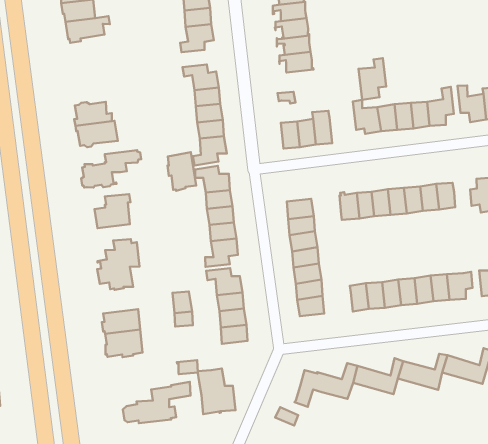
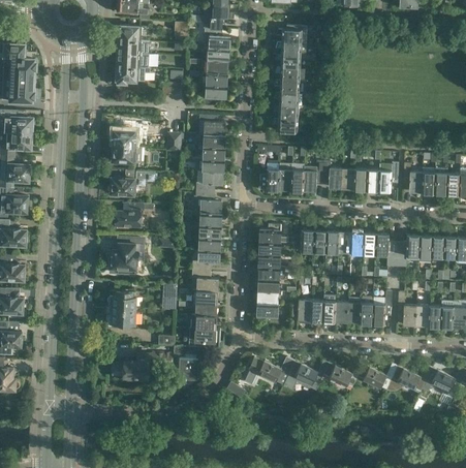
building: [359,58,386,100] -> [303,162,323,191]
building: [168,152,196,191] -> none
building: none -> [184,329,215,348]

